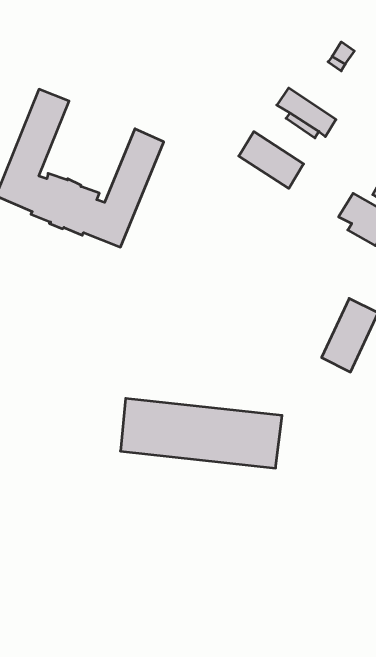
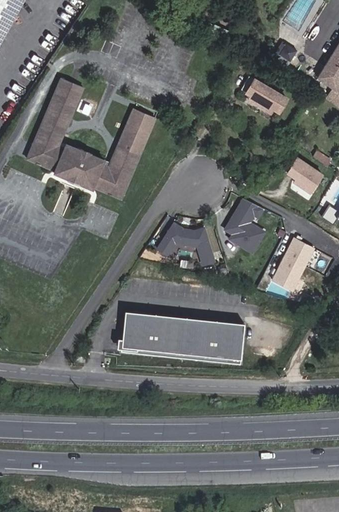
building: [239,132,304,188] -> none
building: none -> [224,196,268,255]
building: none -> [159,222,217,266]

